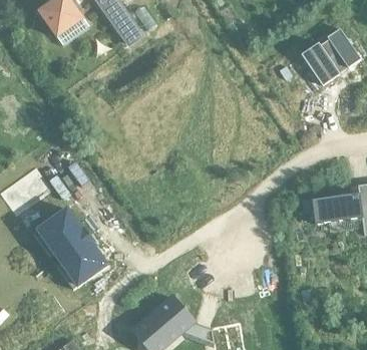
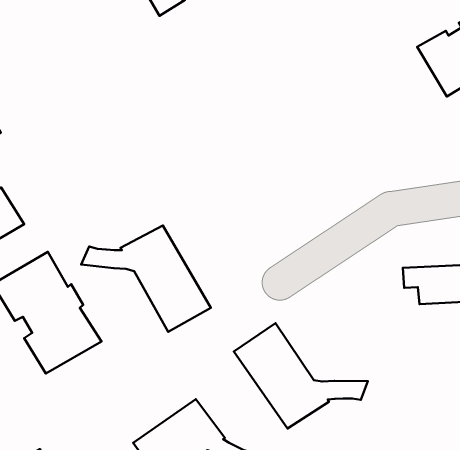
building: none -> [81,225,211,332]
building: none -> [234,323,368,429]

